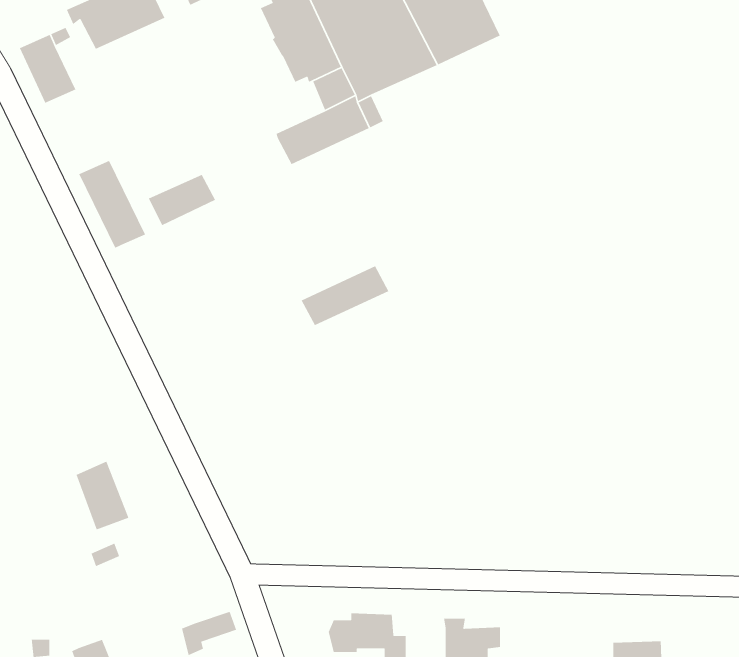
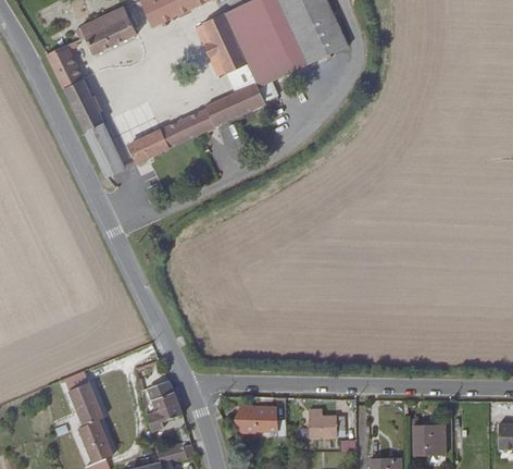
building: none -> [62,79,102,132]
building: [301,265,390,326] -> [160,110,215,148]
building: [75,461,130,530] -> [70,383,103,427]
building: none -> [140,382,177,411]

